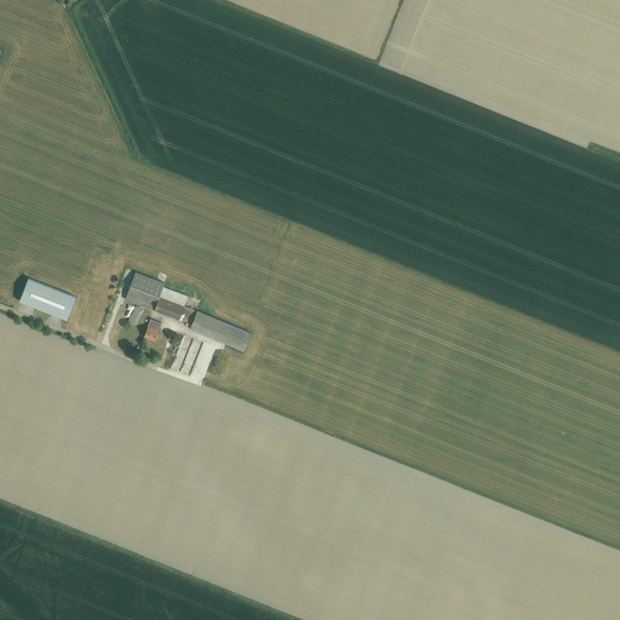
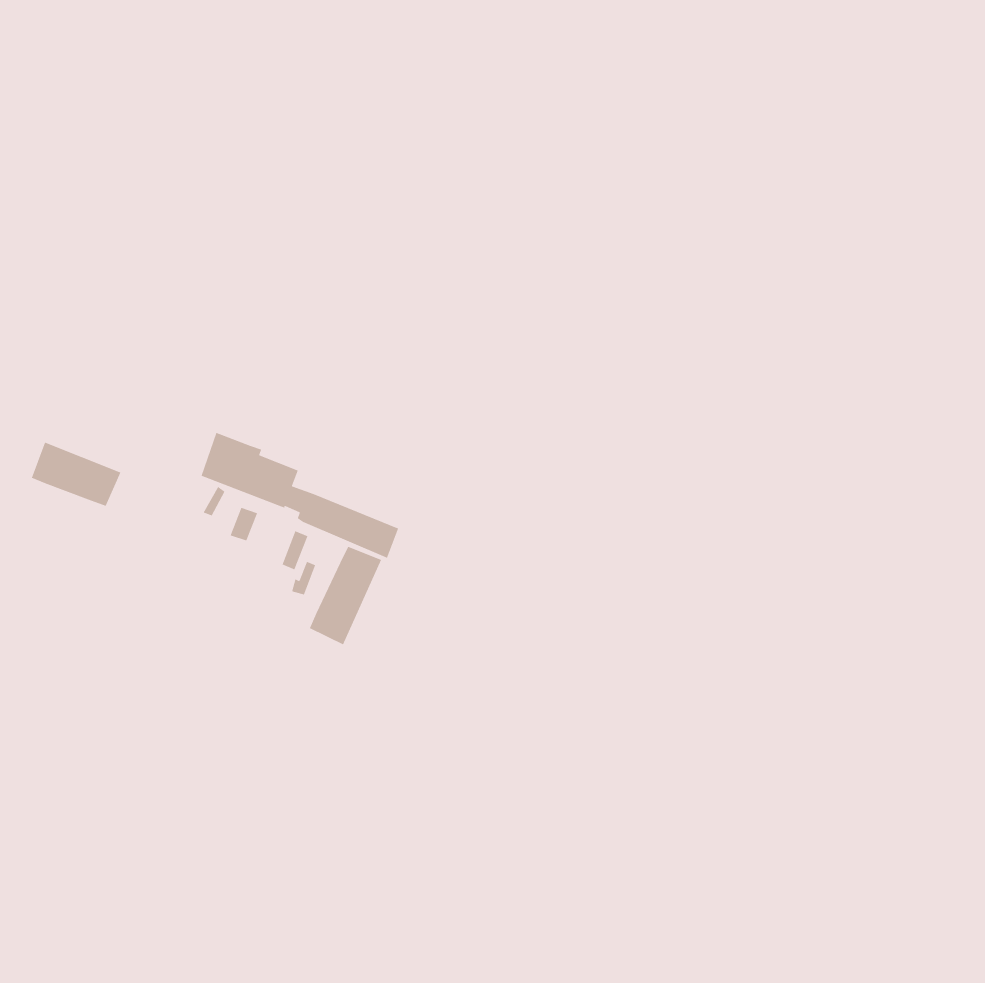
building: none -> [309,546,382,646]

